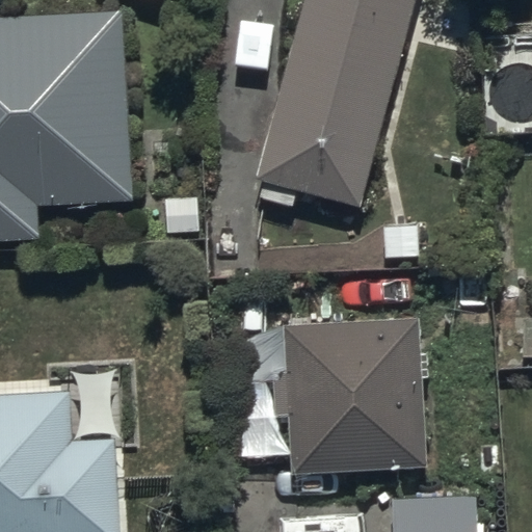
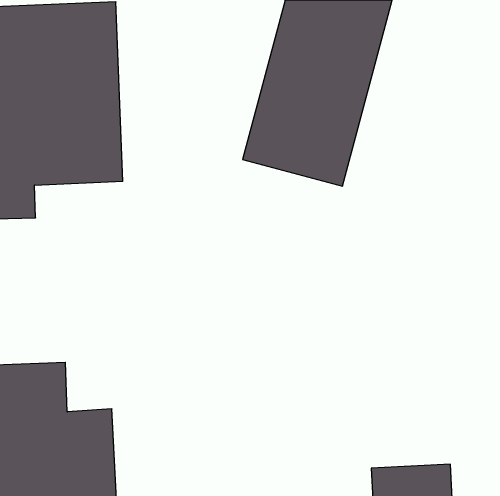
building: [271,318,428,475] -> none

